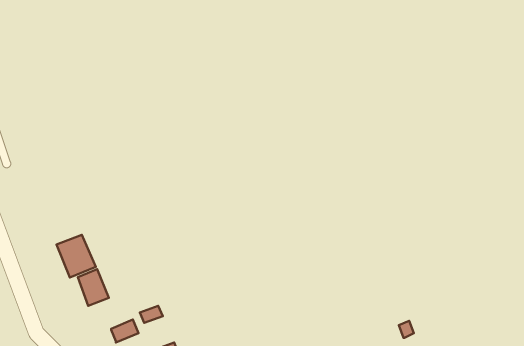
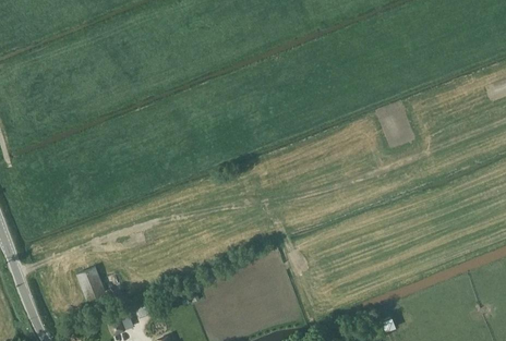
building: [57,235,96,278] -> none

